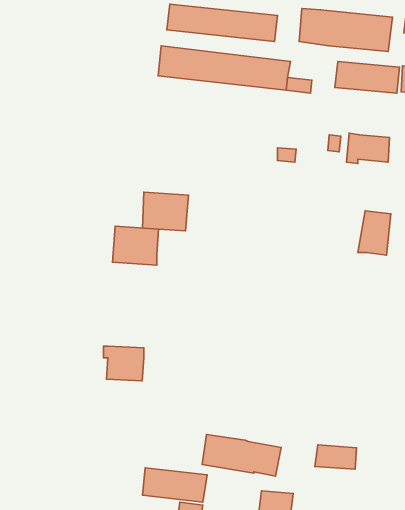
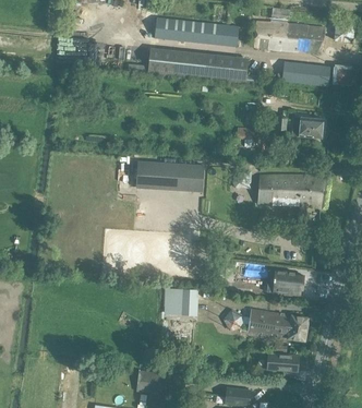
building: none -> [256,175,304,206]
building: [112,226,158,265] -> [168,163,203,192]
building: none -> [273,271,303,293]
building: [103,346,144,381] -> [165,288,195,314]
building: [202,434,281,476] -> [248,309,307,340]

